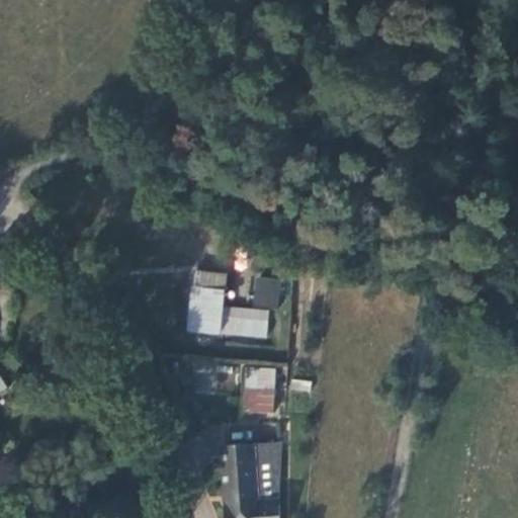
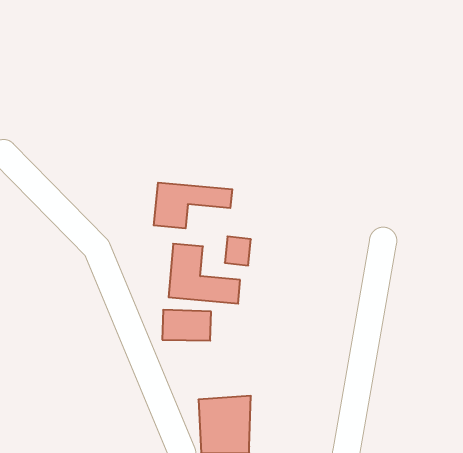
building: none -> [154,183,232,228]
building: [245,368,277,414] -> none

